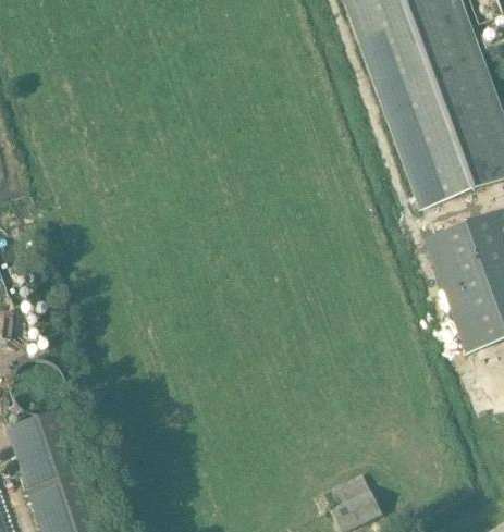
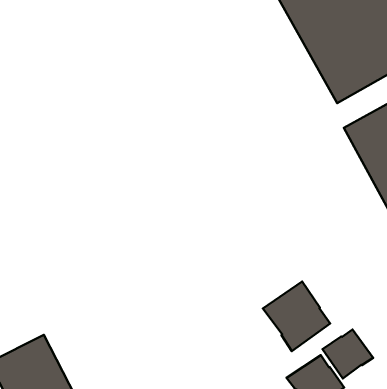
building: none -> [263,281,330,351]
building: none -> [323,329,373,378]

